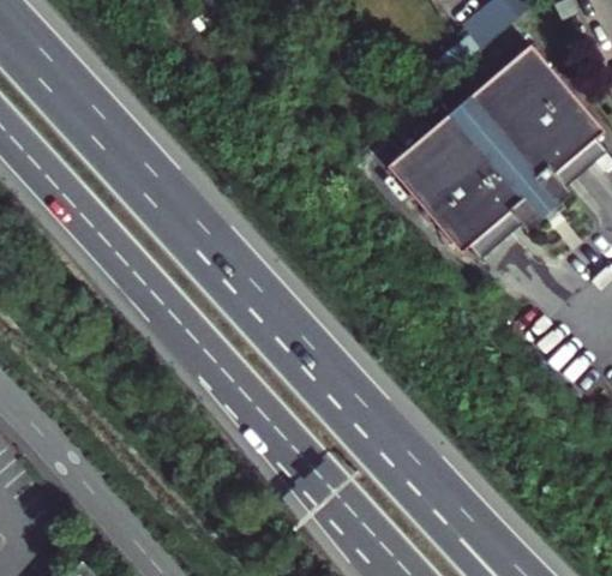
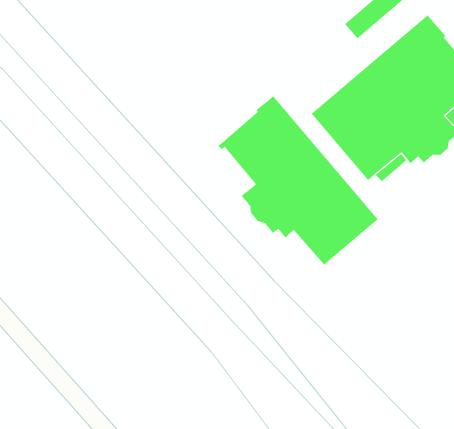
building: none -> [218,95,378,265]

